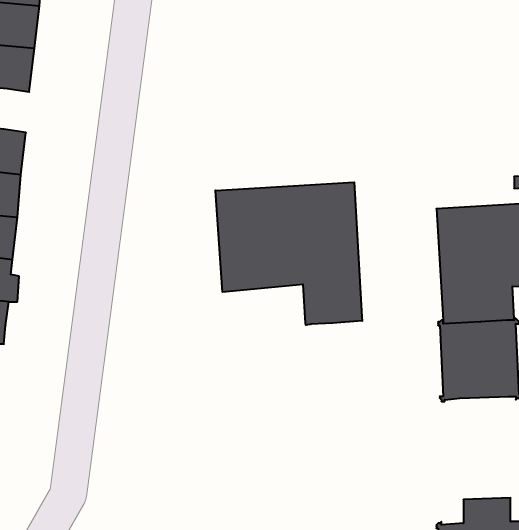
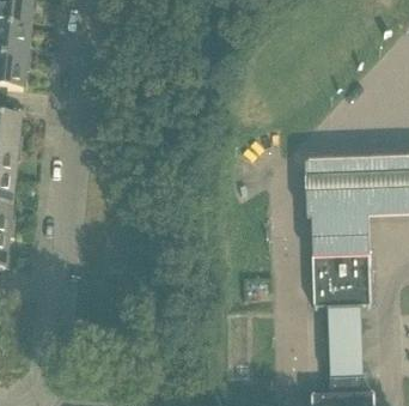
building: [215,182,362,325] -> none
building: none -> [326,296,362,369]

